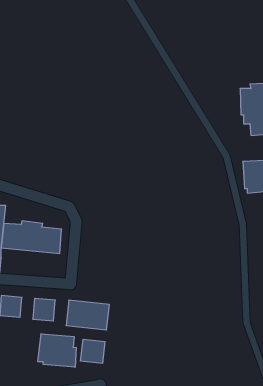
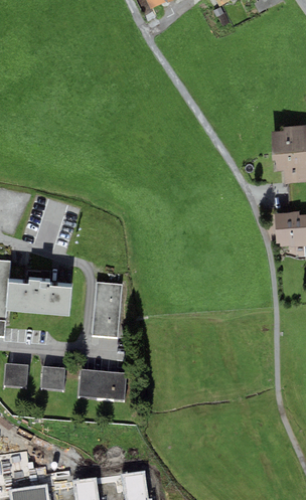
building: none -> [93,282,122,338]
building: [38,334,76,367] -> none
building: [81,339,105,363] -> none

